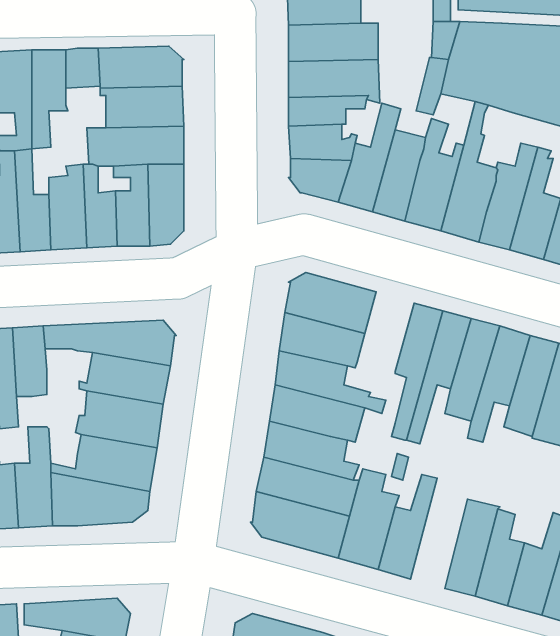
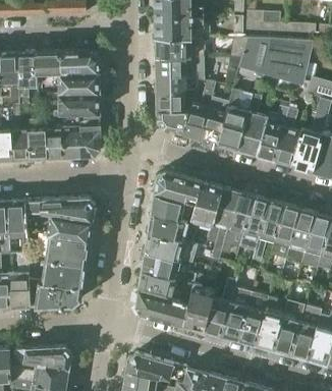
building: none -> [192,182,223,225]
building: none -> [221,288,252,341]

